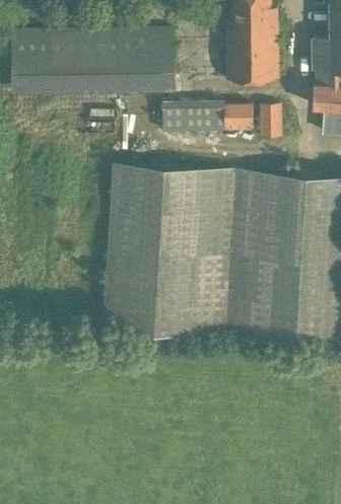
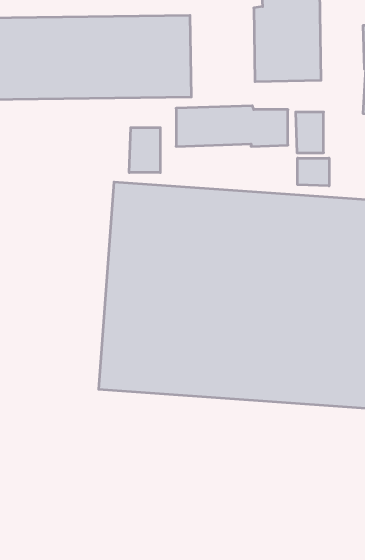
building: none -> [129,128,160,173]
building: none -> [298,158,329,186]

